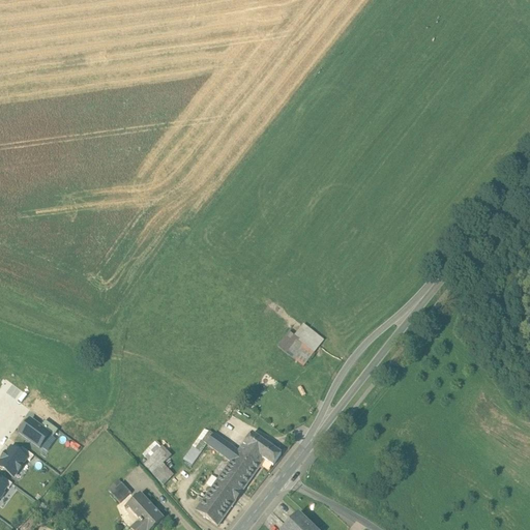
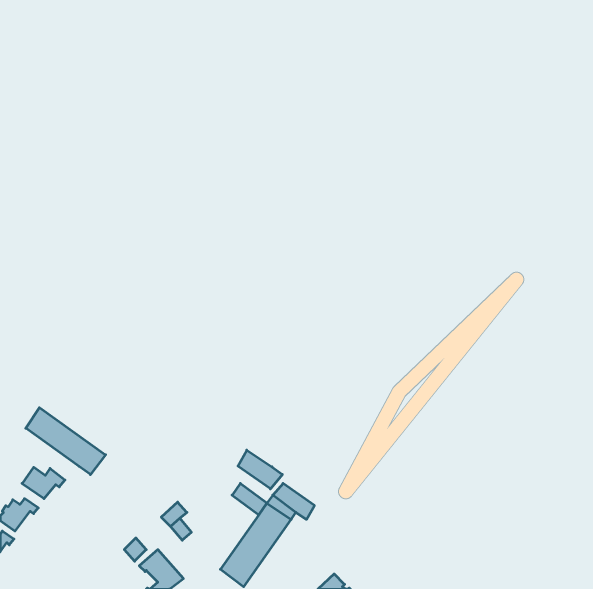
building: [292,325,323,357] -> none
building: none -> [26,408,106,475]
building: none -> [238,450,282,489]

